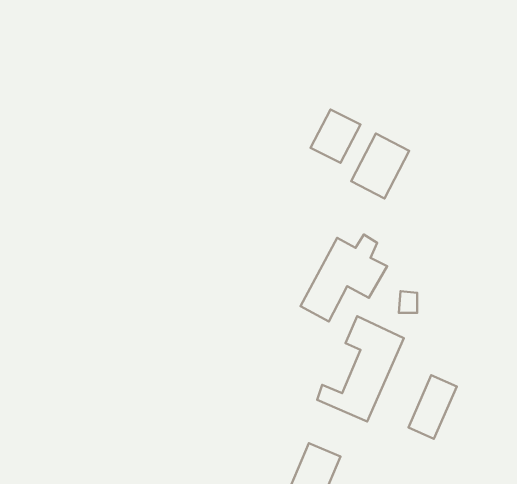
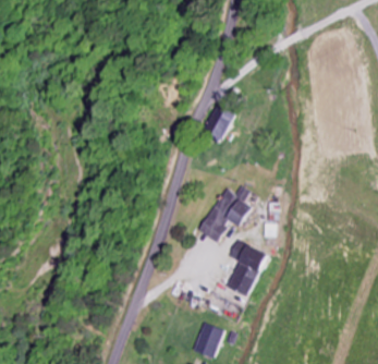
building: [351,133,409,199] -> none
building: [408,375,457,439] -> none

